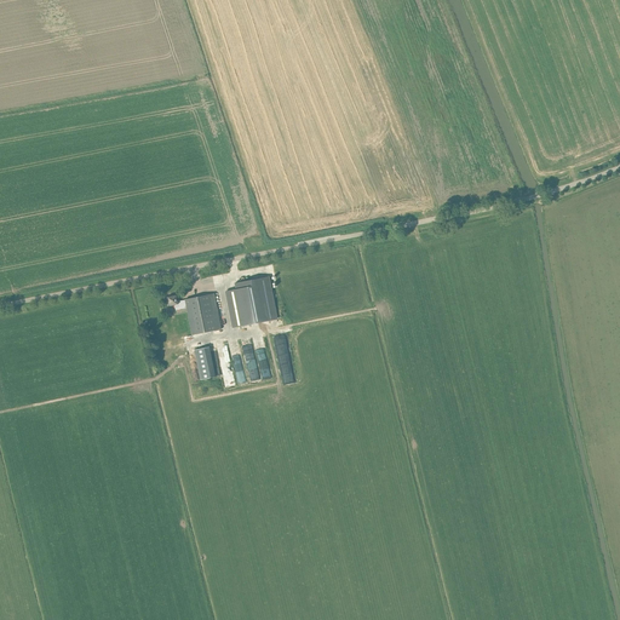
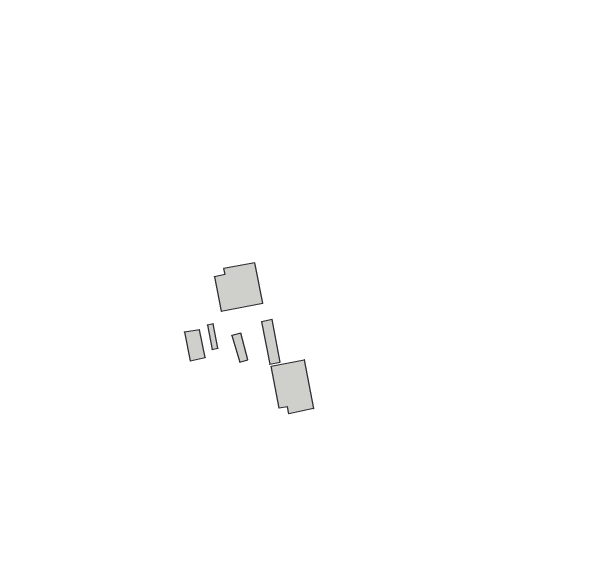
building: [167,293,220,334] -> none
building: none -> [271,360,314,414]

